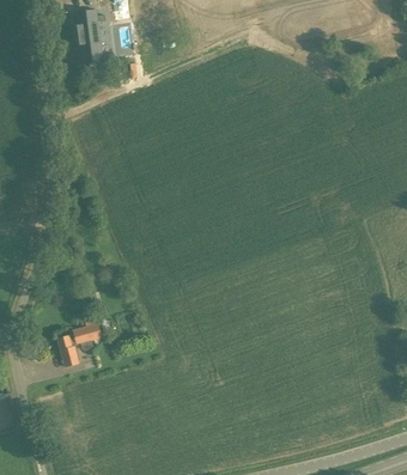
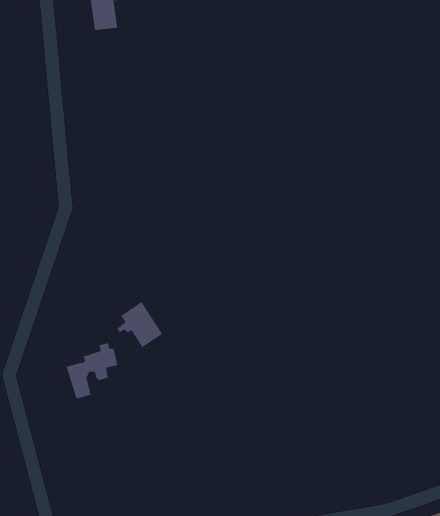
building: none -> [117,301,163,348]

